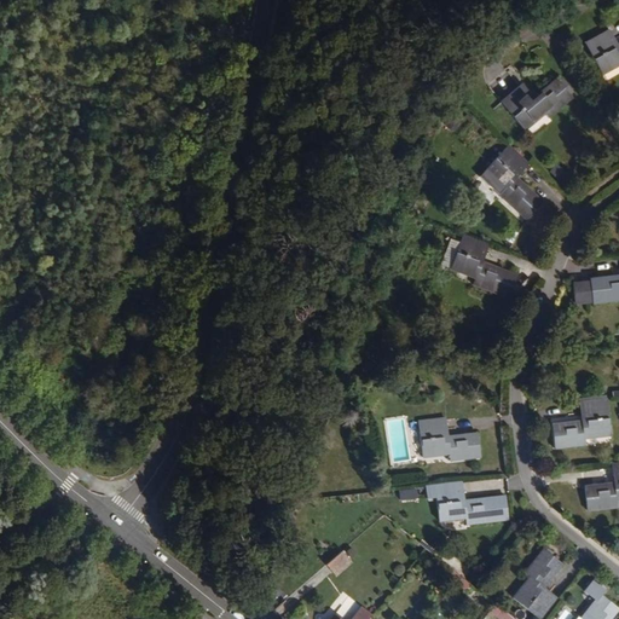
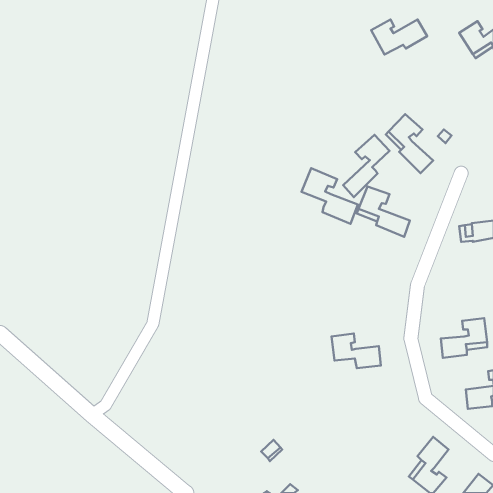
building: [502,82,572,126] -> [371,20,427,54]
building: none -> [343,135,389,197]
building: none -> [301,168,358,224]
building: [432,481,507,523] -> none

